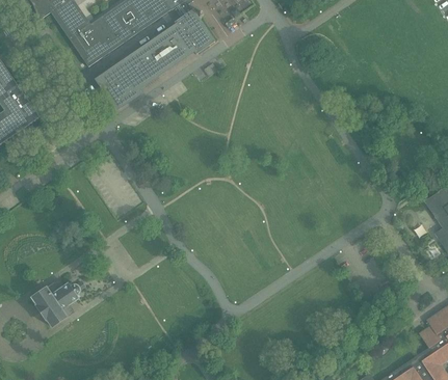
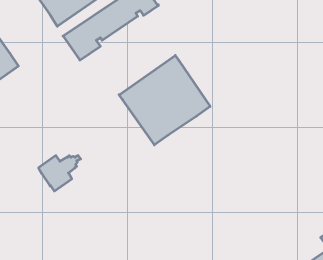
building: none -> [119,55,210,145]
building: [32,281,85,326] -> [39,156,81,191]

